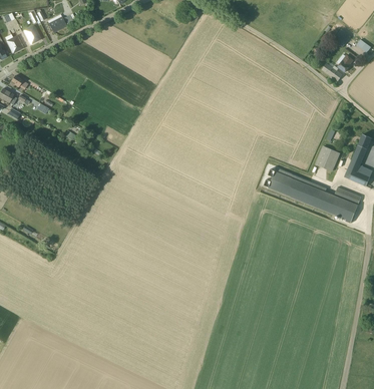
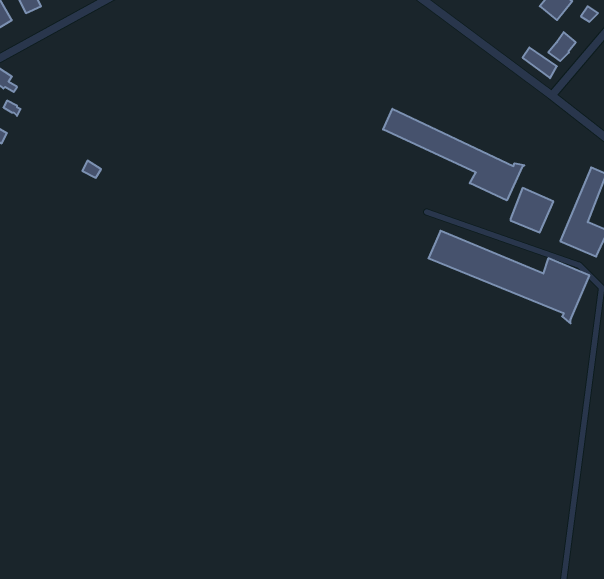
building: none -> [383,109,524,200]

